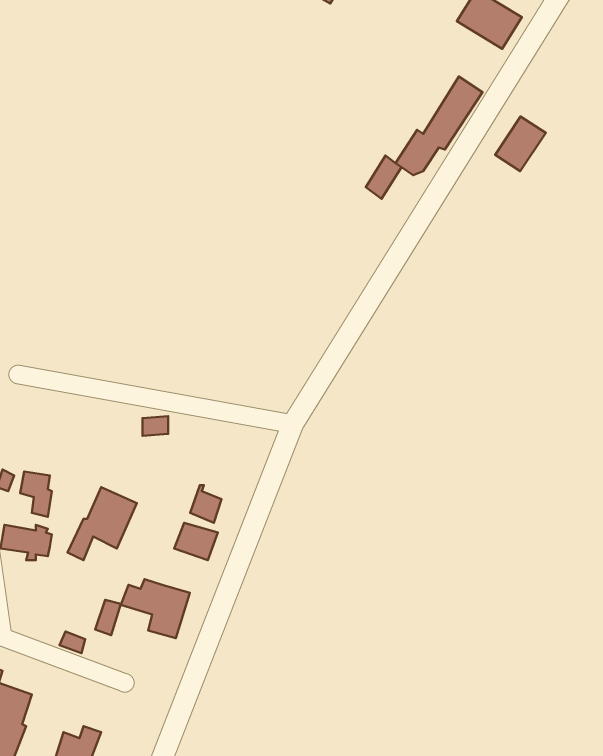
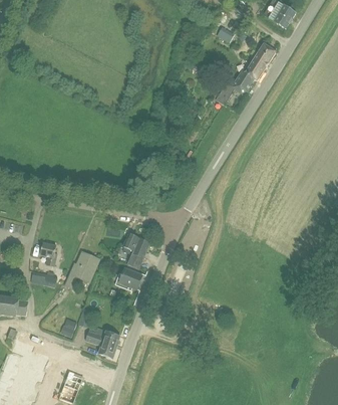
building: [495,117,546,171] -> none
building: none -> [123,233,149,257]
building: [121,579,190,638] -> [84,328,119,358]

